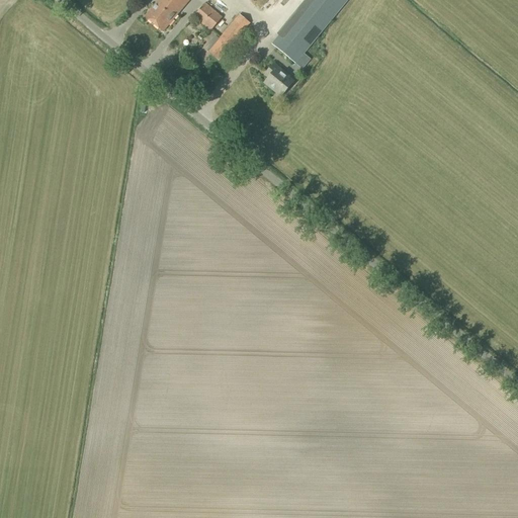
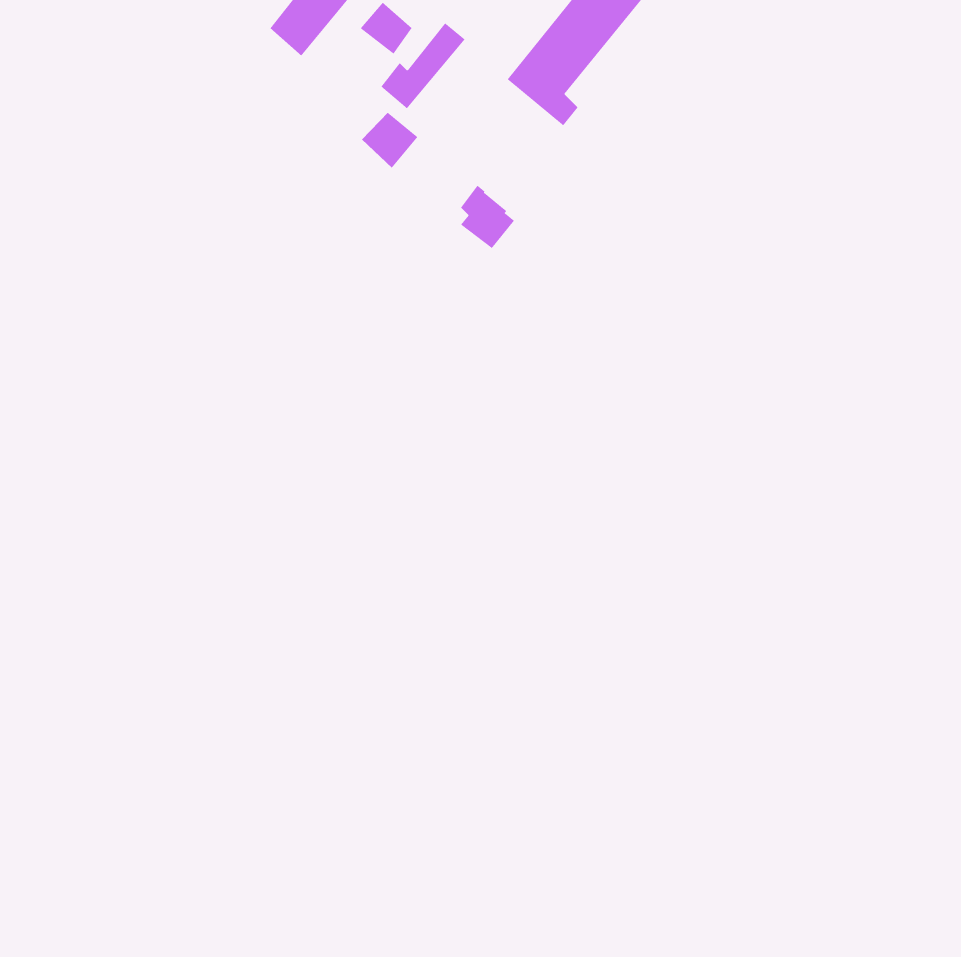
building: none -> [361,112,418,168]
building: [265,61,294,95] -> [460,185,515,249]

